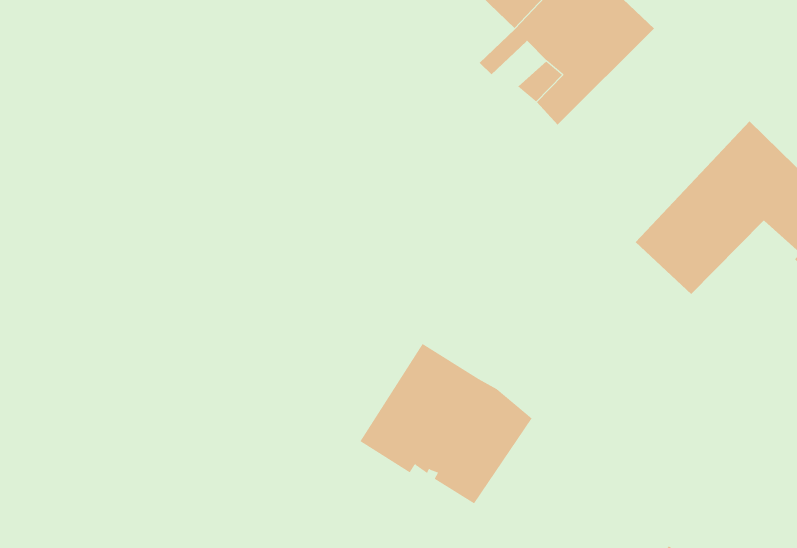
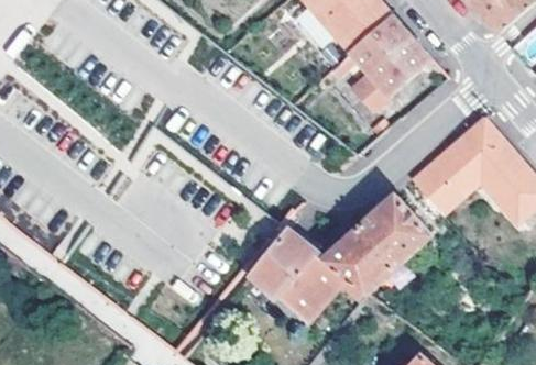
building: none -> [326,193,428,291]

